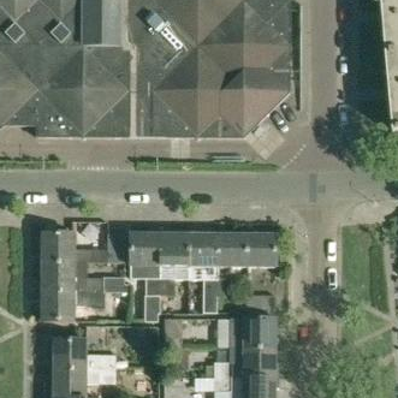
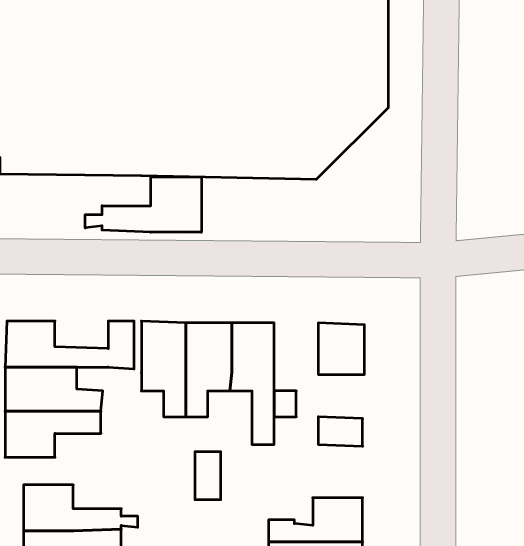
building: none -> [85,177,201,232]
building: [215,233,244,267] -> none
building: [228,319,273,347] -> none

